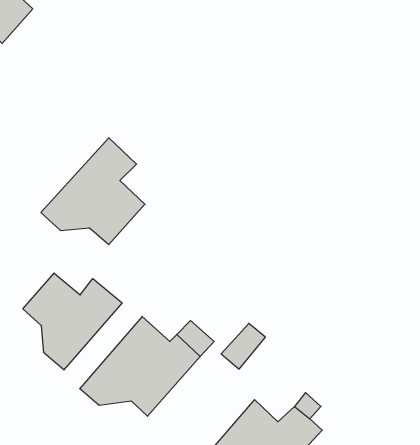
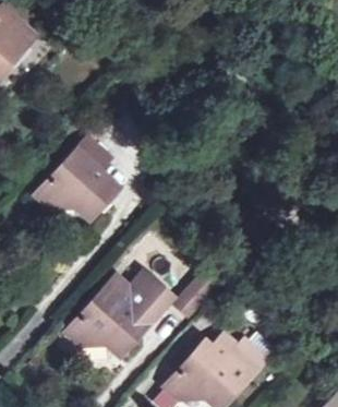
building: [23,273,122,370] -> none

